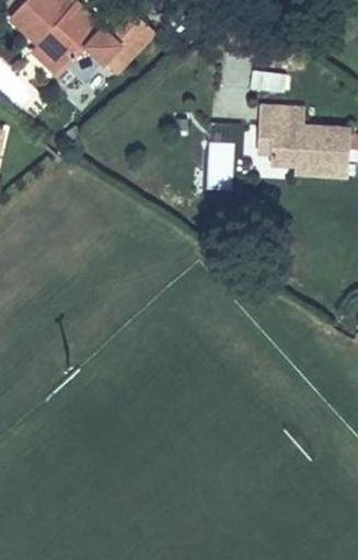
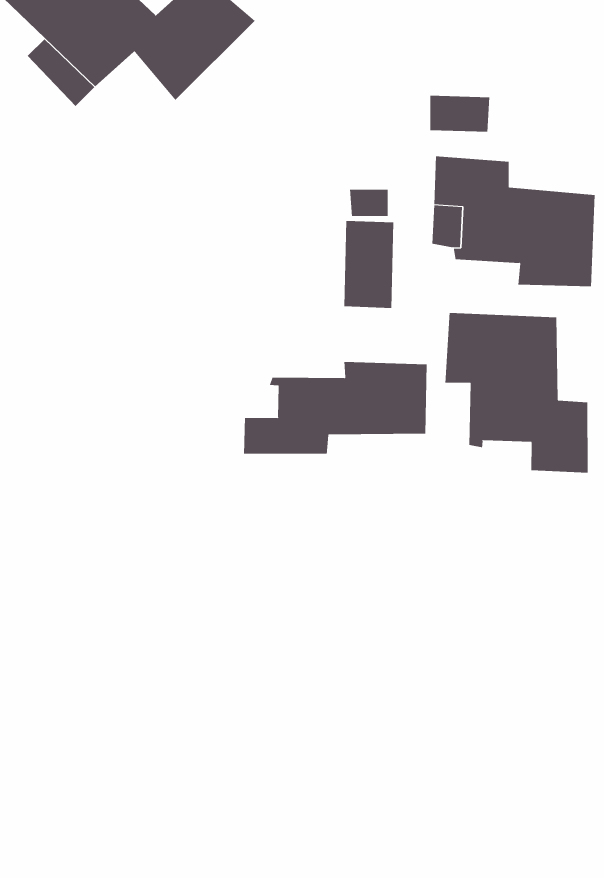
building: none -> [445,312,588,473]
building: none -> [244,361,427,455]

